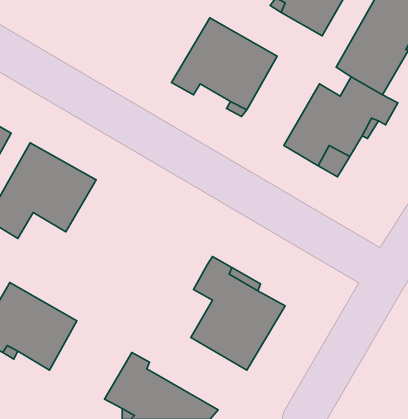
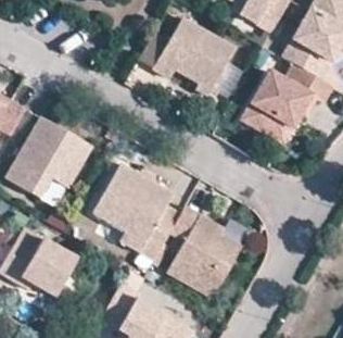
building: none -> [92,164,180,260]

